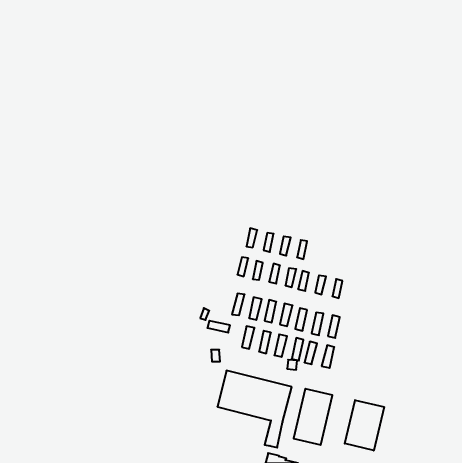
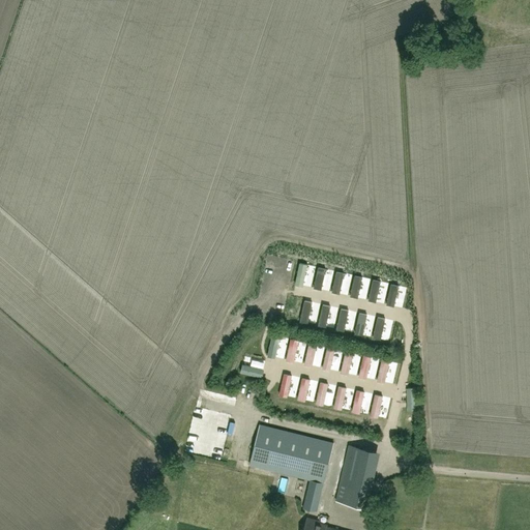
building: [345,400,384,451] -> none

